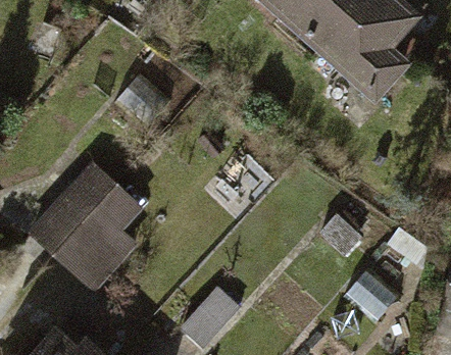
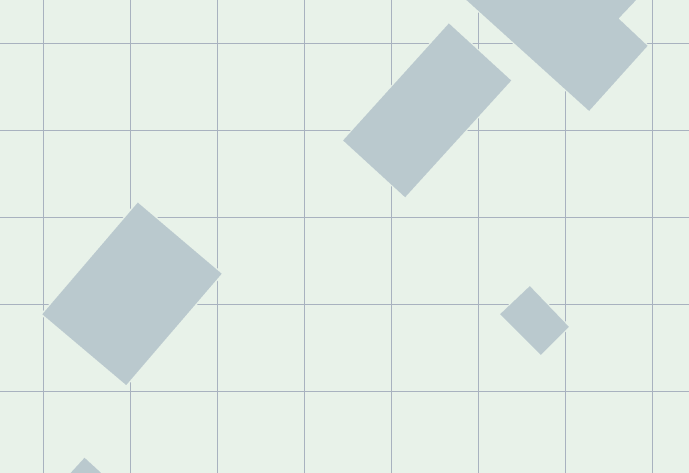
building: none -> [342,23,512,198]

